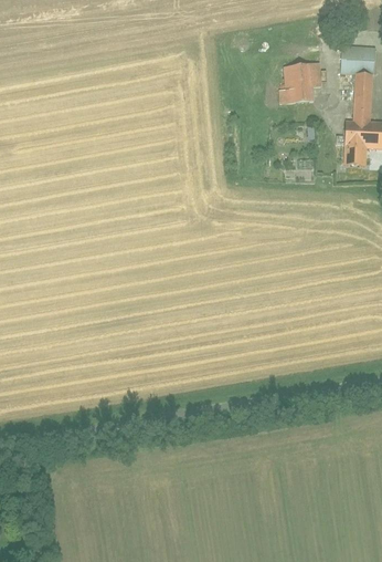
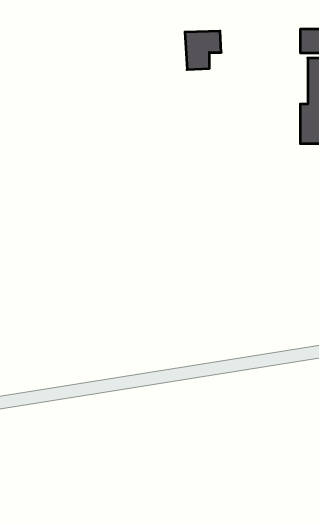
building: [287,63,325,103] -> [185,31,221,70]

